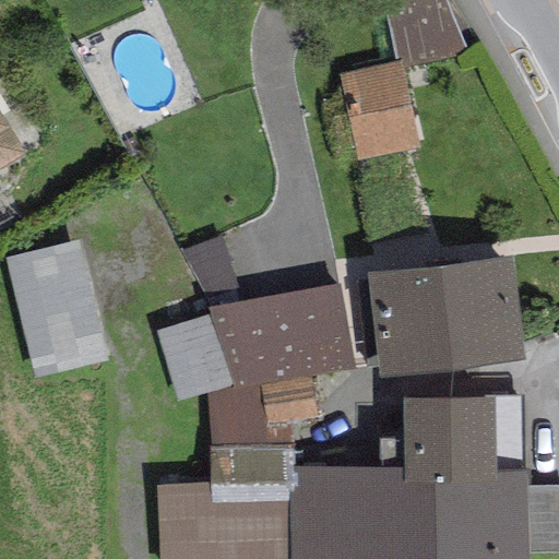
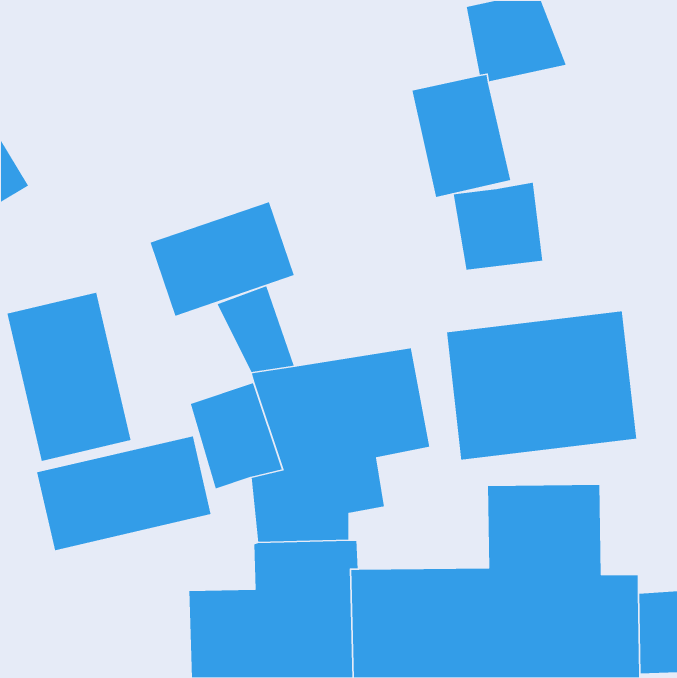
building: none -> [453,182,543,270]
building: none -> [150,201,295,317]
building: none -> [36,435,212,551]

